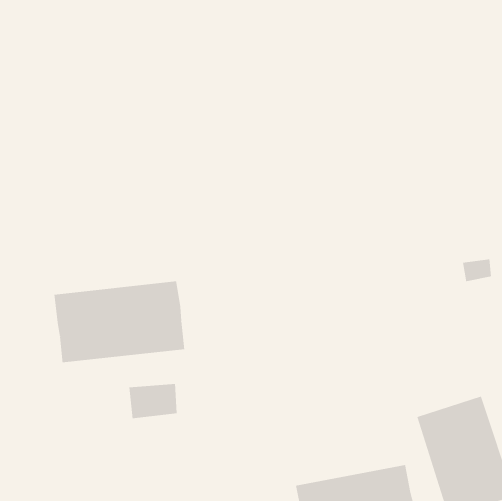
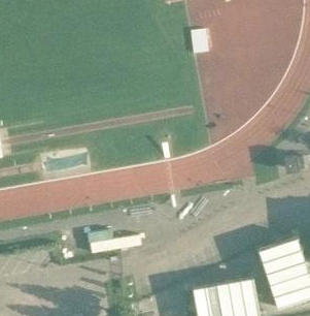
building: [54,281,185,363] -> none

